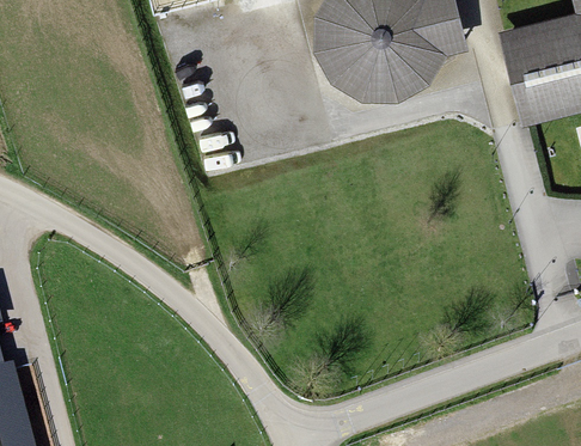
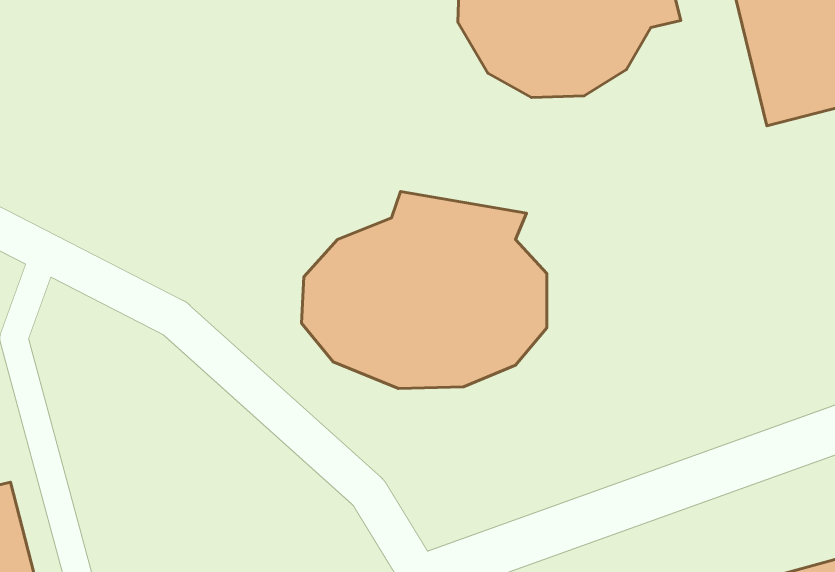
building: none -> [302,191,547,388]

